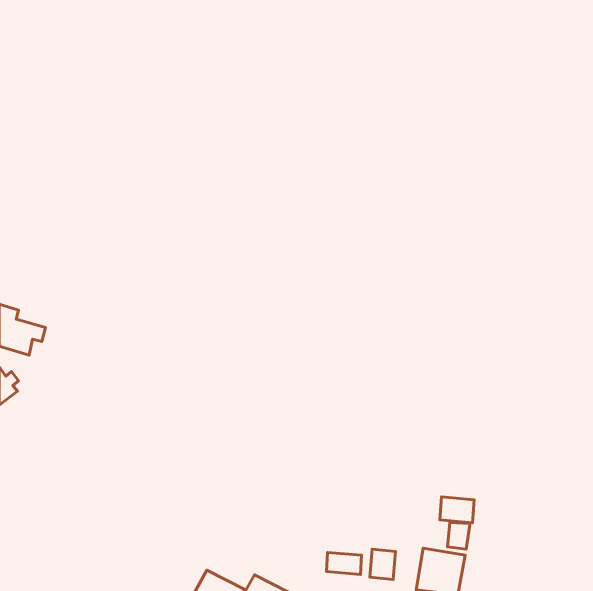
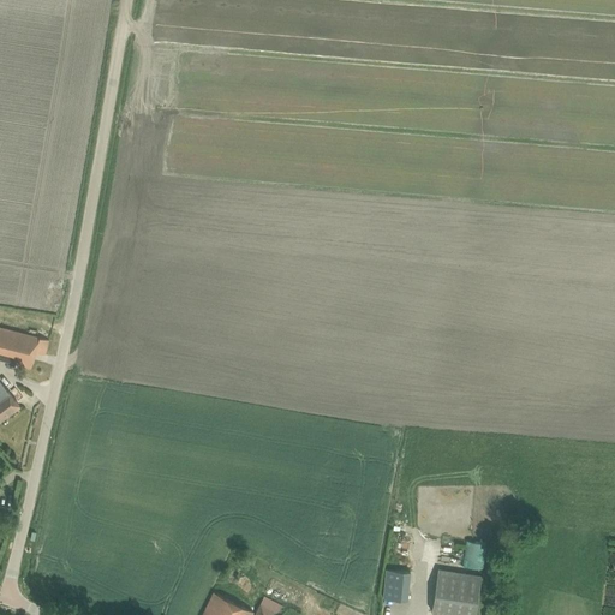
building: [440,497,474,523] -> none
building: [326,552,362,574] -> none

